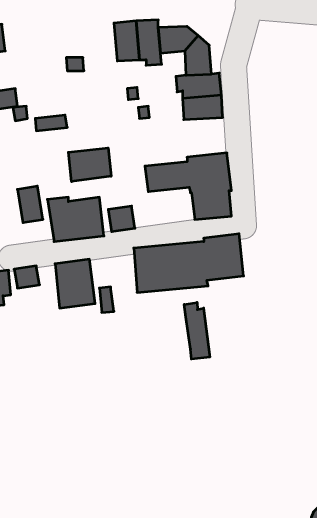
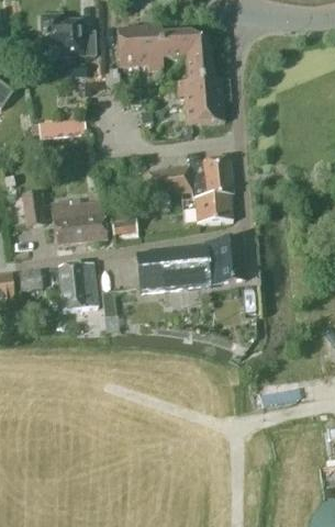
building: none -> [43,14,96,55]
building: [68,148,111,182] -> none
building: [184,302,210,359] -> none

